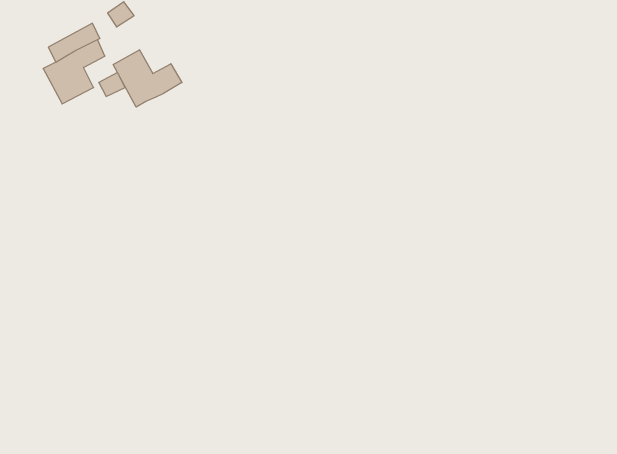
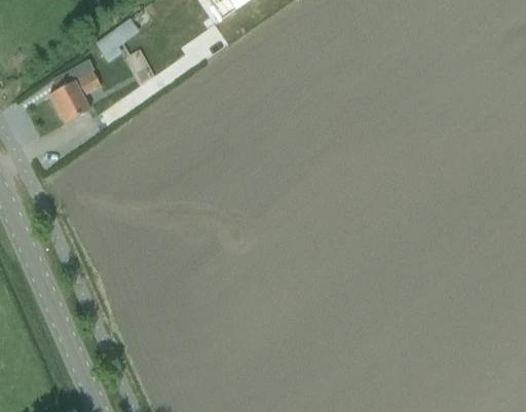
building: [113,50,182,107] -> none

